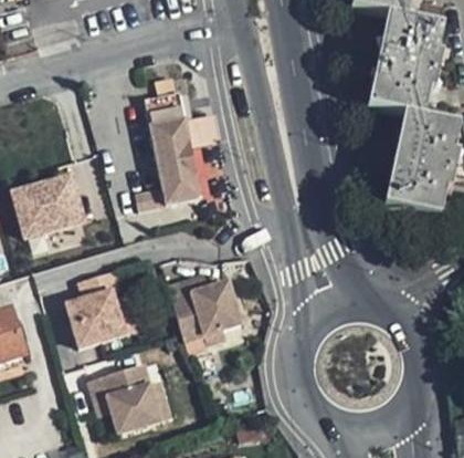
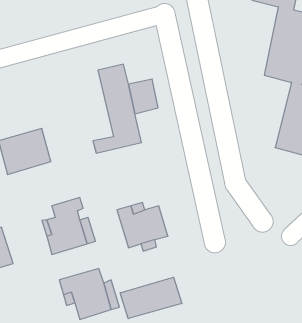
building: none -> [120,277,182,319]

